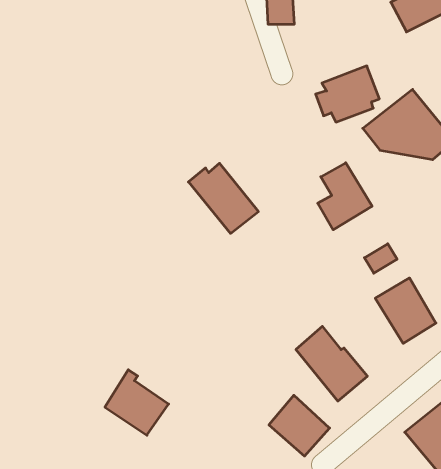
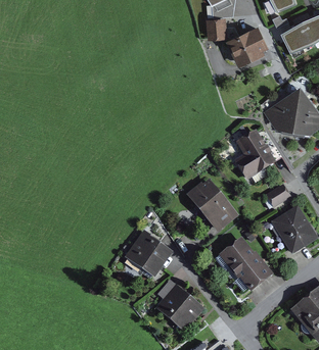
building: [316,66,379,122] -> [222,32,264,68]
building: [188,163,258,233] -> [188,183,234,229]
building: [105,370,169,435] -> [127,232,169,274]
building: [269,395,330,456] -> [160,289,199,329]

